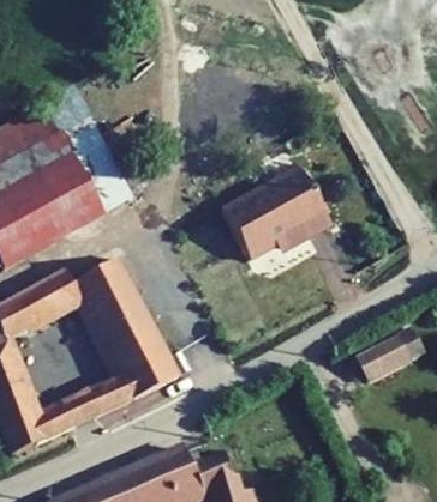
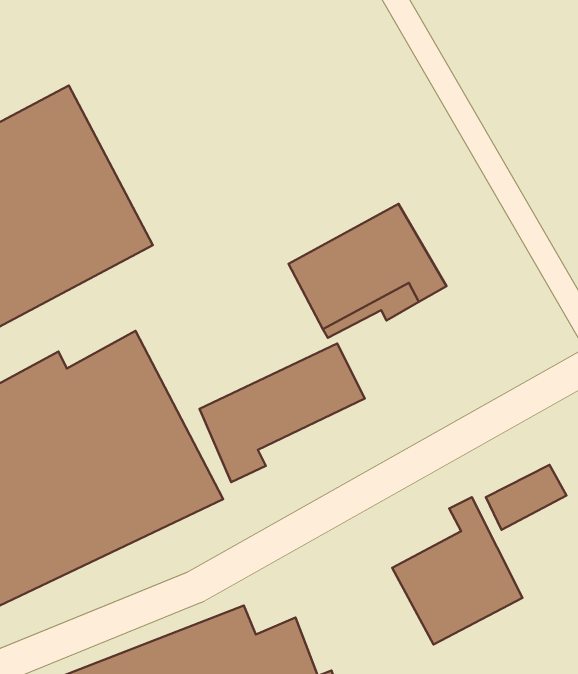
building: none -> [200,343,365,482]
building: none -> [392,497,522,645]

